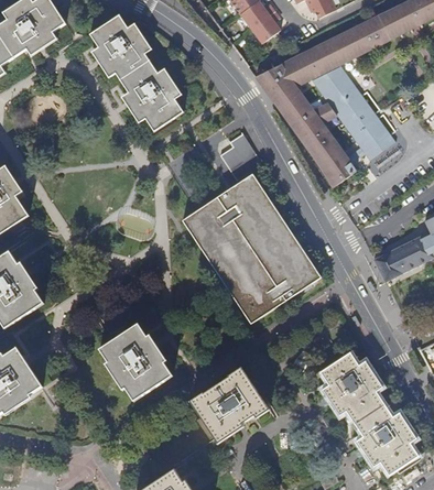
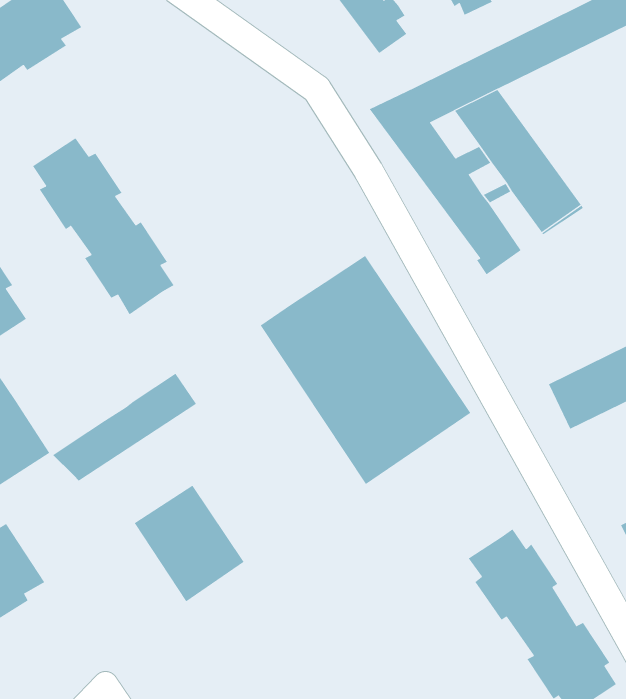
building: [90,14,184,131] -> [32,138,175,315]
building: [220,132,262,179] -> none
building: none -> [52,373,197,481]
building: [192,370,267,440] -> none

